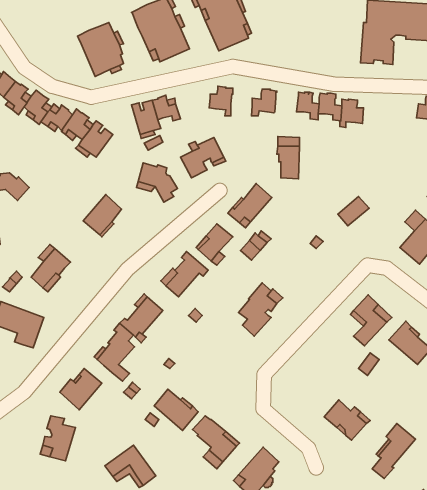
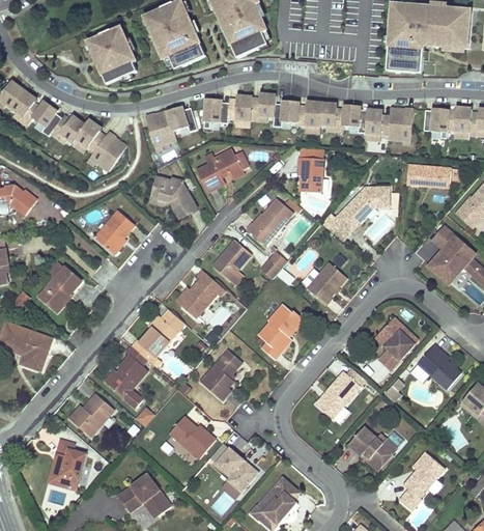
building: none -> [250,91,275,120]
building: none -> [203,99,228,128]
building: none -> [295,100,321,133]
building: none -> [423,107,448,138]
building: none -> [388,108,414,141]
building: none -> [406,164,451,187]
building: none -> [336,186,390,231]
building: none -> [308,261,347,304]
building: none -> [200,348,241,400]
building: none -> [315,370,362,418]

